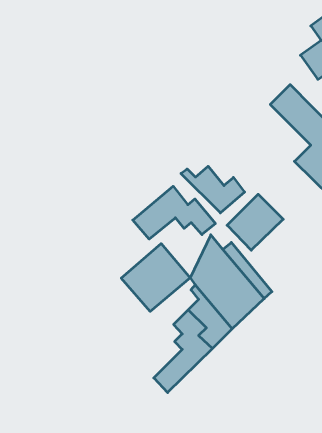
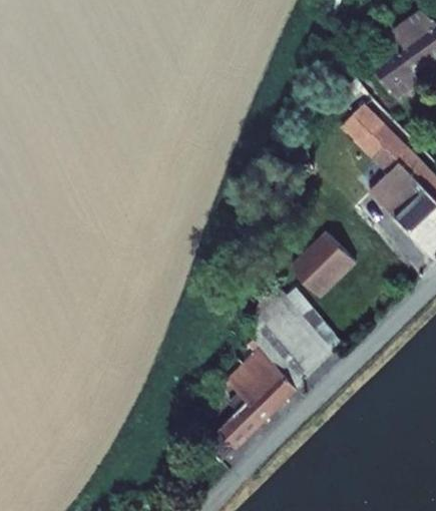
building: [181,166,245,213] -> none
building: [133,186,215,239] -> none
building: [121,244,190,311] -> none

